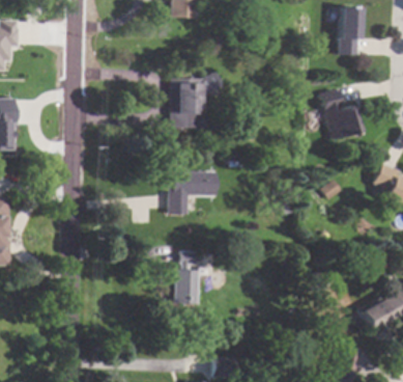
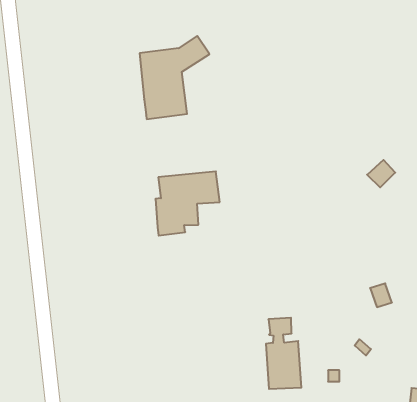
building: [323,89,365,139] -> none
building: [175,251,201,304] -> [266,318,301,389]

